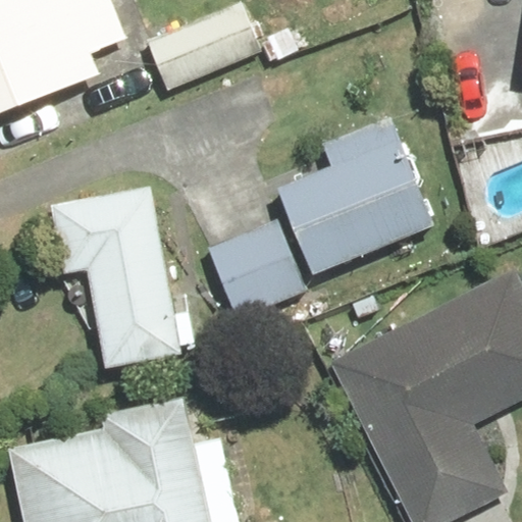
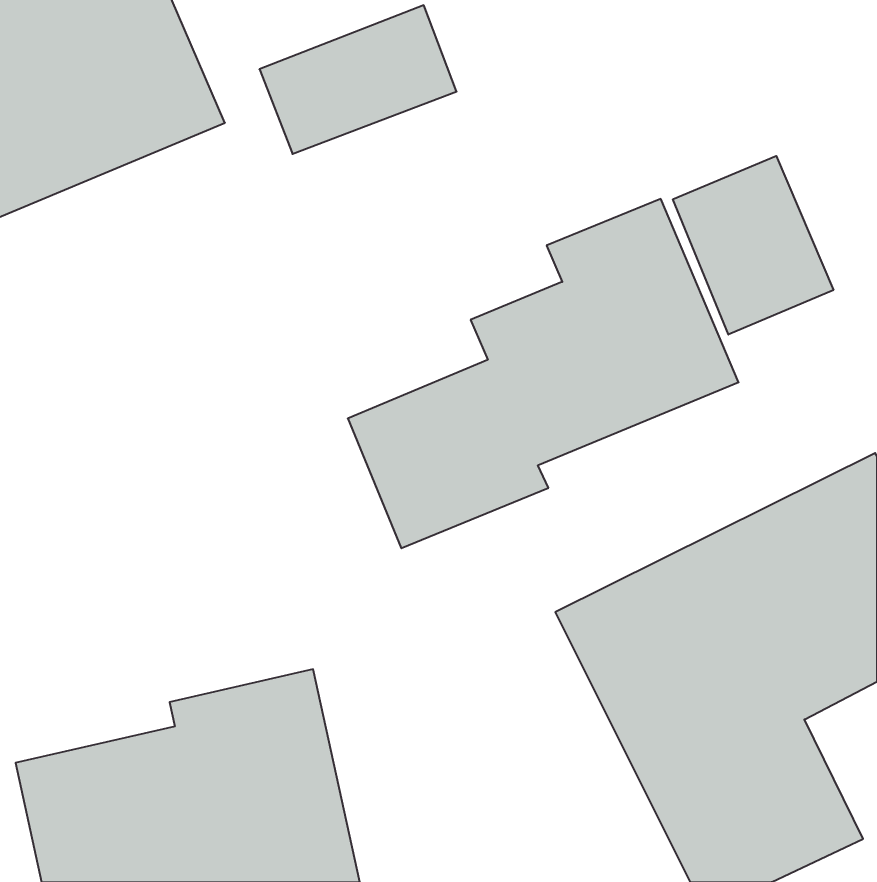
building: none -> [673,156,833,335]
building: [51,190,179,366] -> none

